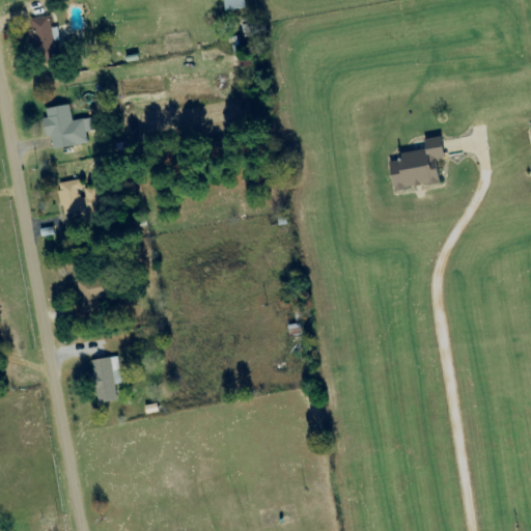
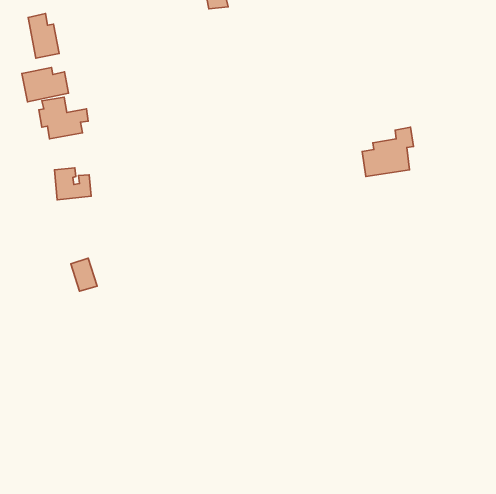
building: none -> [22,68,68,102]
building: [91,356,122,402] -> none

